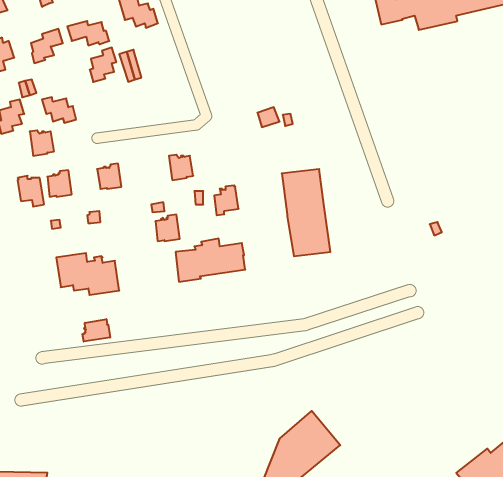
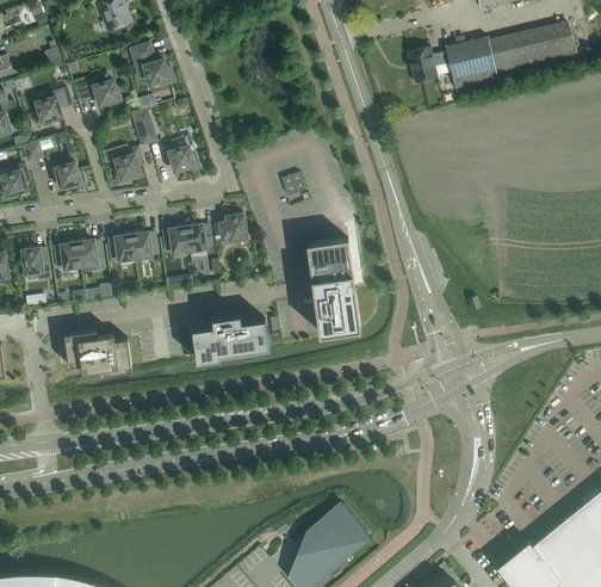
building: [90,48,116,82] -> [114,147,143,184]
building: none -> [162,144,199,172]
building: [30,130,54,156] -> [78,239,104,266]
building: none -> [131,231,159,258]
building: [214,185,239,215] -> [221,212,247,245]
building: [155,215,180,241] -> [163,224,190,253]
building: [82,319,110,342] -> none

